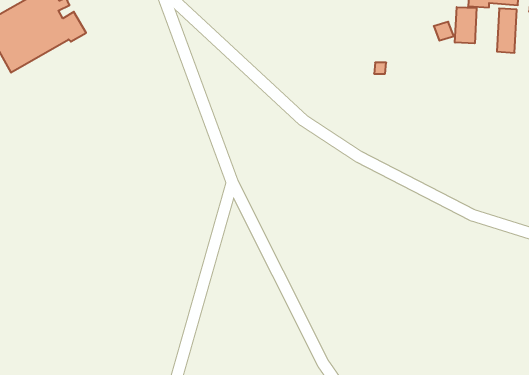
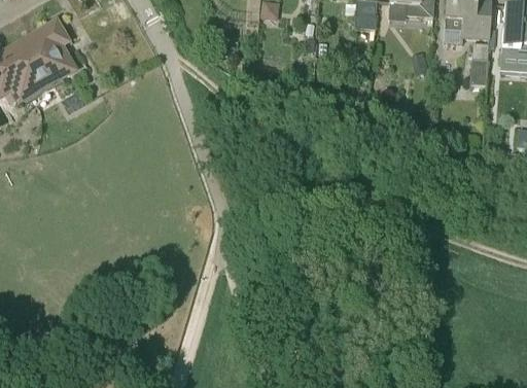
building: [455,7,477,43] -> none

